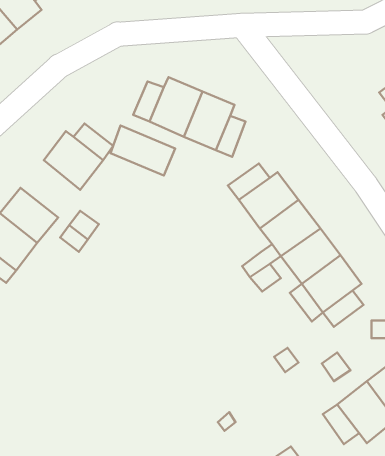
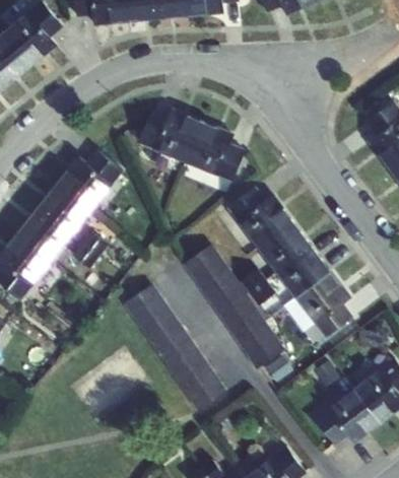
building: [110,126,175,176] -> none
building: none -> [37,183,91,235]
building: none -> [184,243,284,367]
building: none -> [124,283,225,409]

